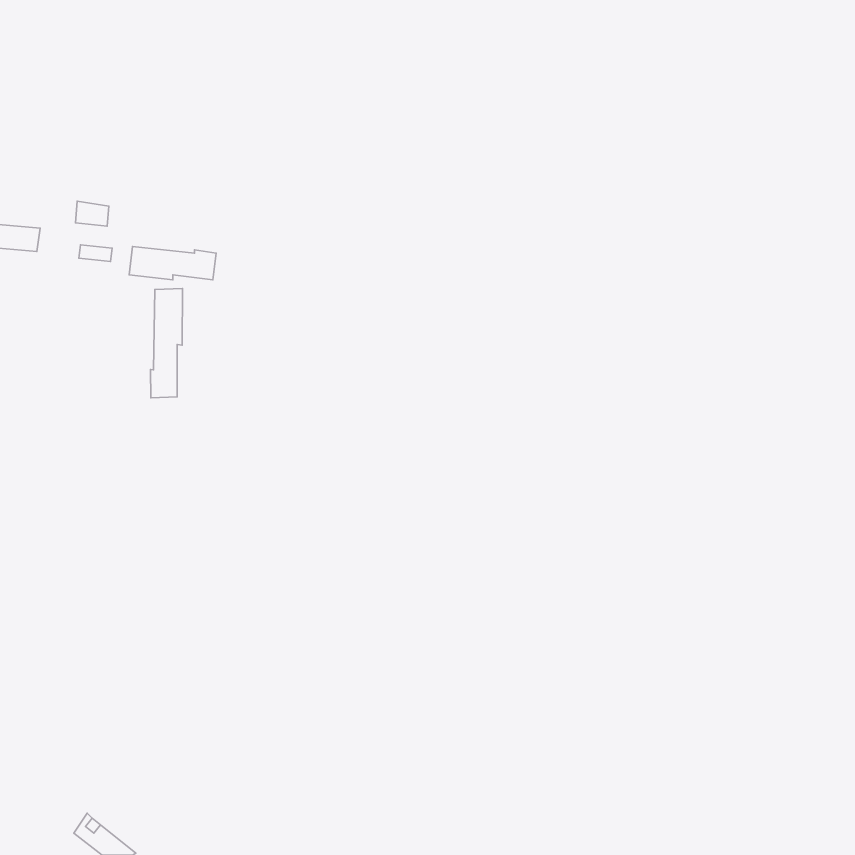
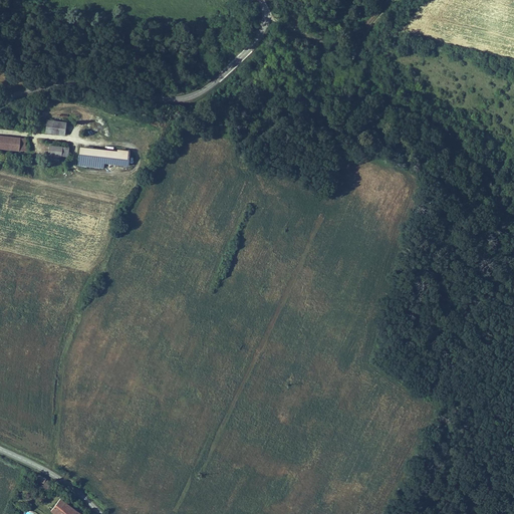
building: [150,289,183,398] -> none

